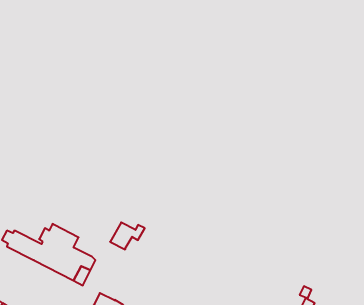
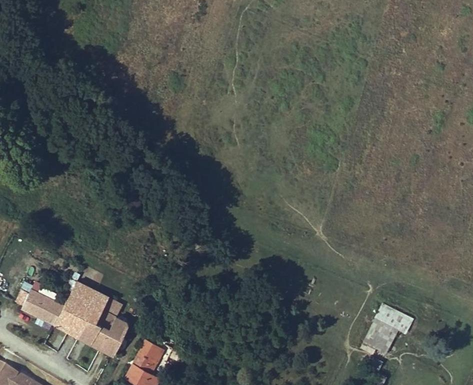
building: [110,222,145,249] -> [133,340,174,372]
building: none -> [364,301,414,351]

